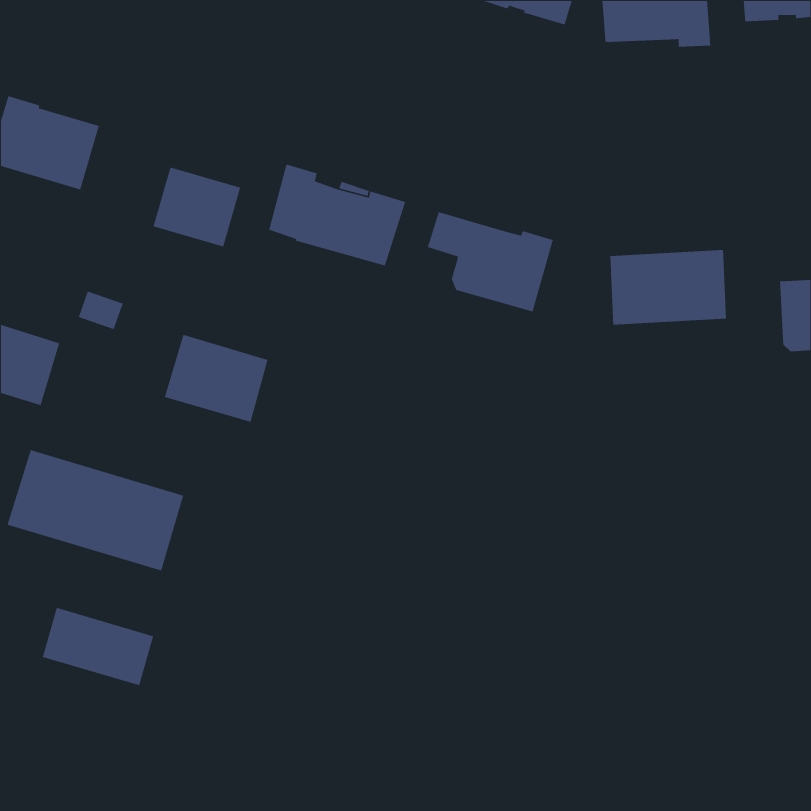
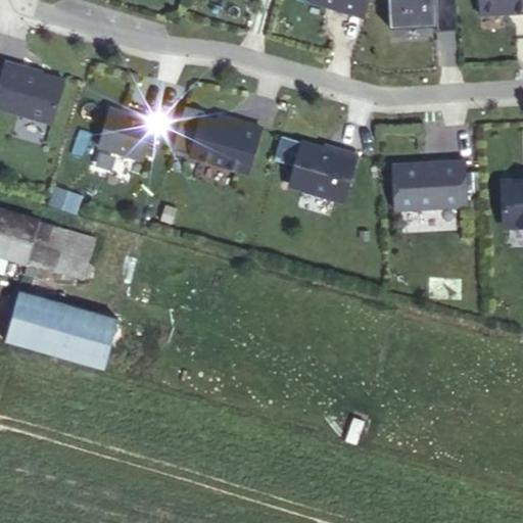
building: [164,334,269,423] -> [27,221,94,278]
building: [42,607,154,686] -> none

